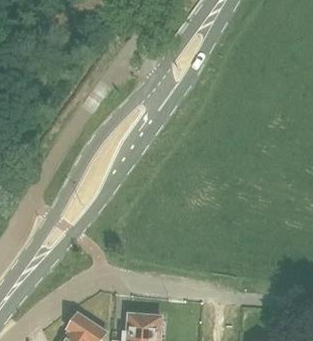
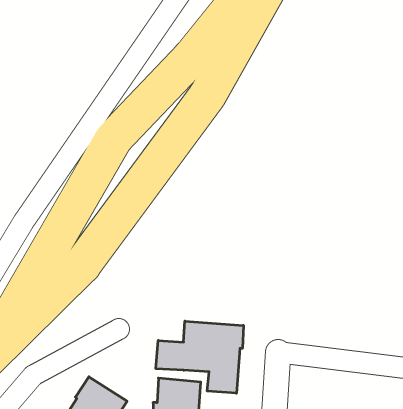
building: none -> [156,321,243,393]

